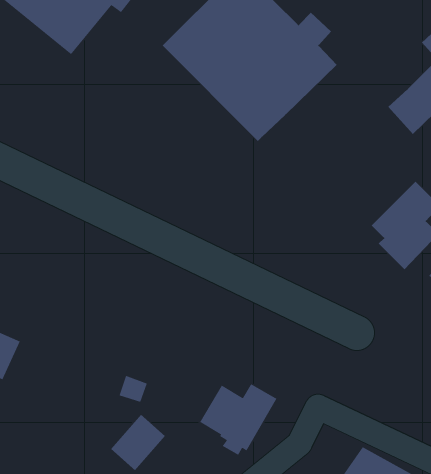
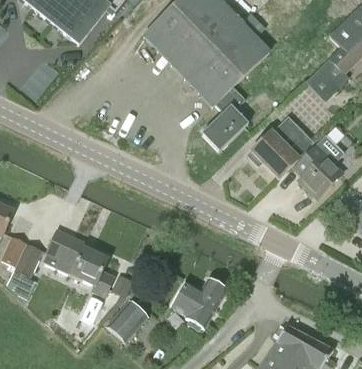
building: none -> [203,87,249,151]
building: none -> [251,116,313,177]
building: none -> [42,229,113,295]

